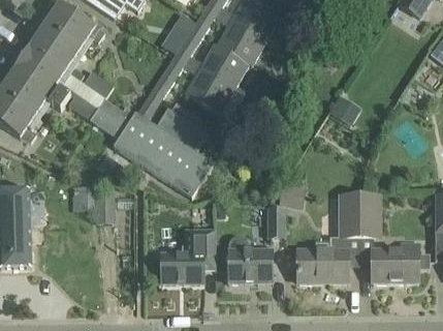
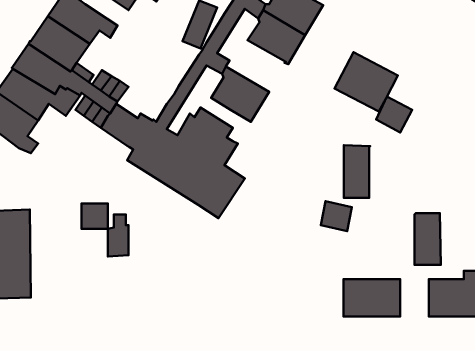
building: [197,43,249,89] -> none
building: none -> [335,52,398,112]
building: [338,192,360,238] -> [344,145,370,198]
building: [266,208,286,238] -> none
building: [161,228,216,282] -> none
building: [228,235,272,282] -> none

